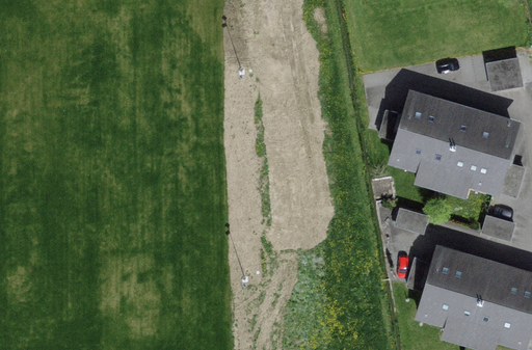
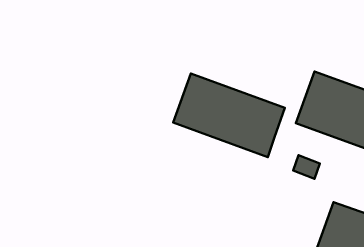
building: none -> [173,74,285,157]

